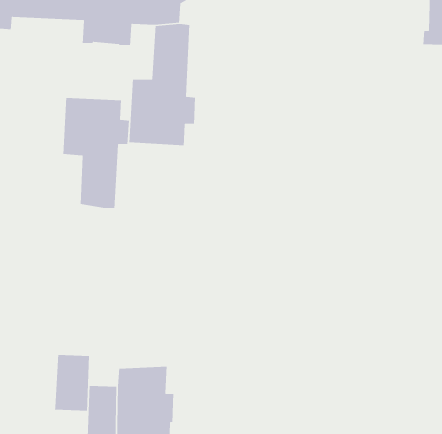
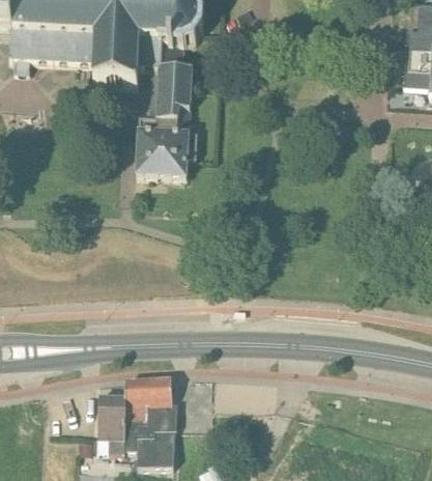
building: [62,97,130,209] -> none
building: [54,354,90,412] -> none

